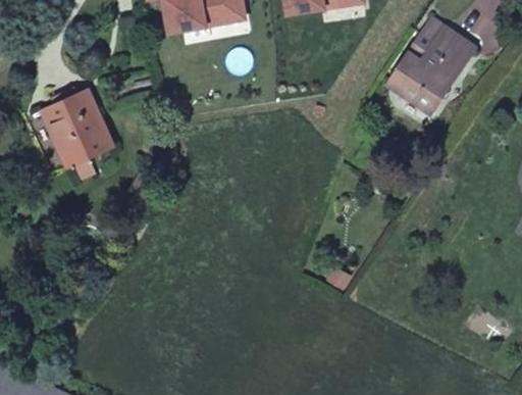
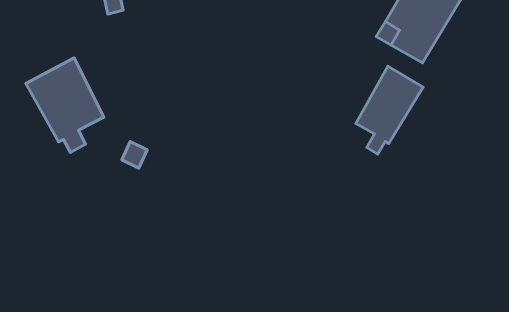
building: none -> [356,66,423,154]

